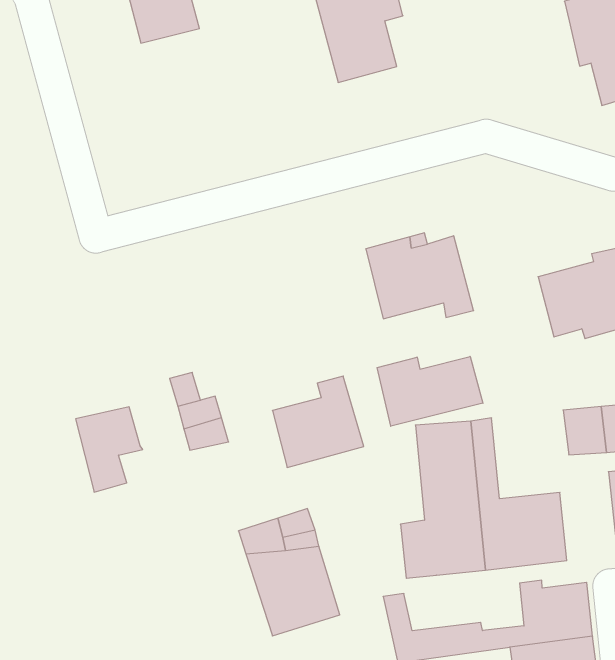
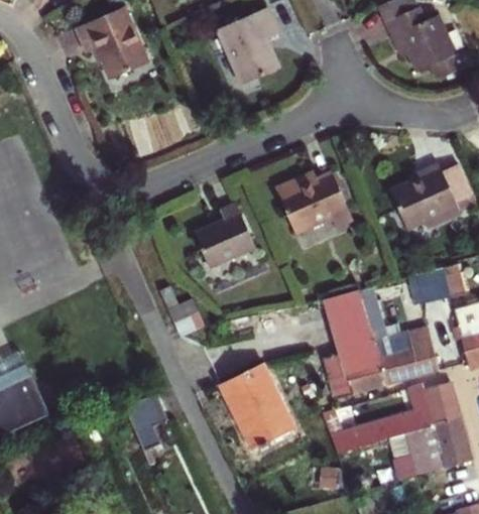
building: [377,356,483,426] -> none
building: [272,376,364,467] -> [193,204,255,268]
building: [76,407,143,492] -> [125,395,171,454]

